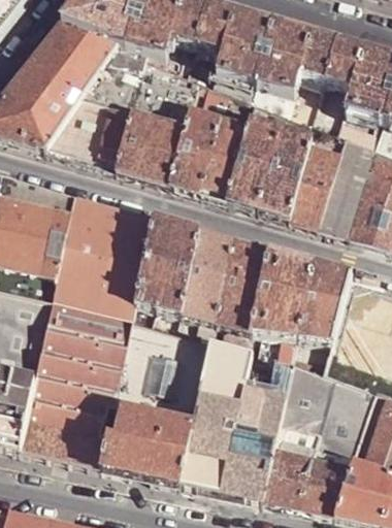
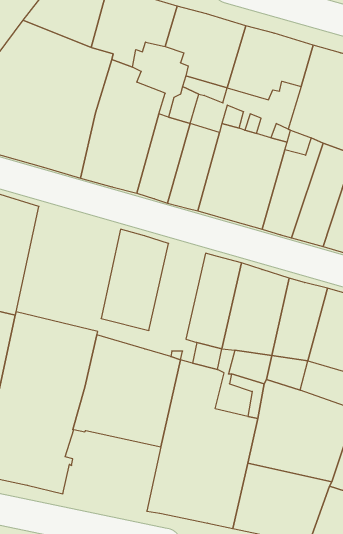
building: [55,197,154,316] -> none
building: [181,232,234,323] -> none
building: [99,409,192,486] -> none

